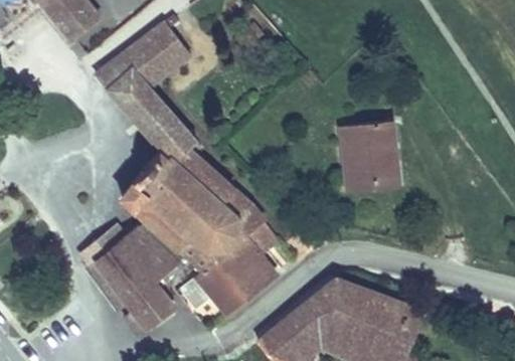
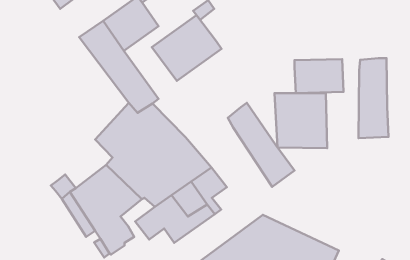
building: none -> [152,15,221,81]
building: none -> [359,58,388,138]
building: none -> [294,59,344,93]
building: none -> [228,103,294,187]

